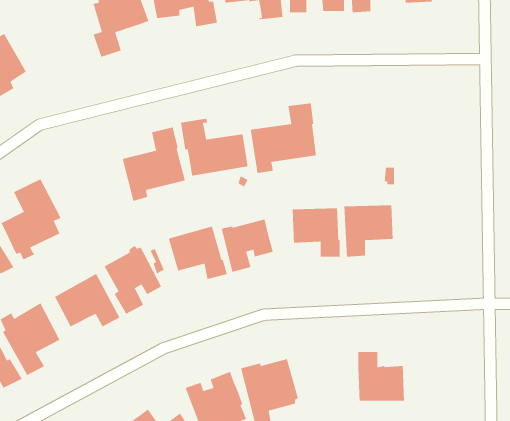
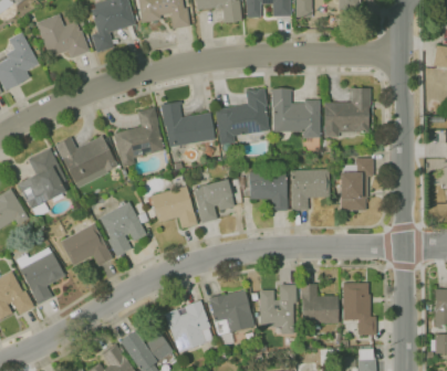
building: none -> [35,13,90,59]
building: none -> [324,88,371,137]
building: none -> [271,89,320,138]
building: none -> [55,136,118,188]
building: none -> [340,158,374,212]
building: none -> [343,283,376,335]
building: none -> [260,284,297,335]

